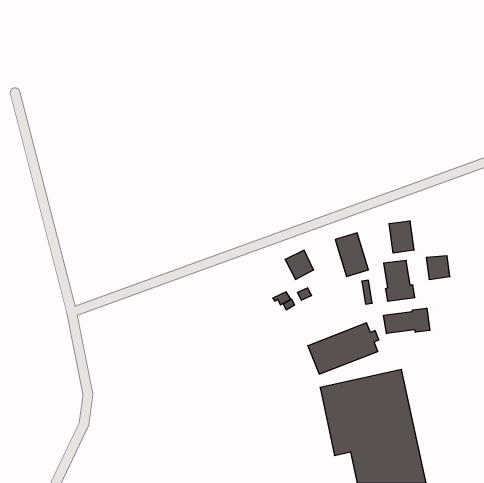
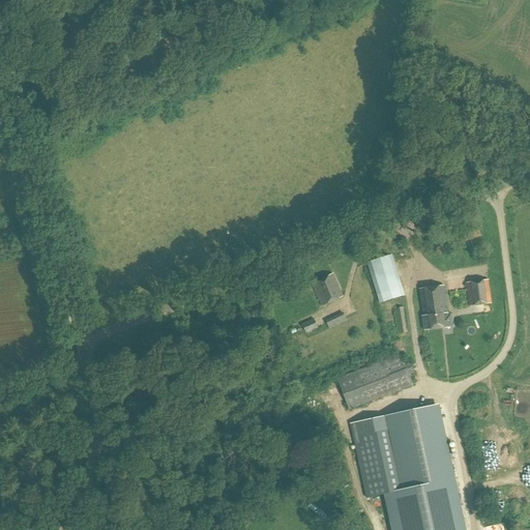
building: [389,221,414,253] -> none
building: [384,308,430,334] -> none

